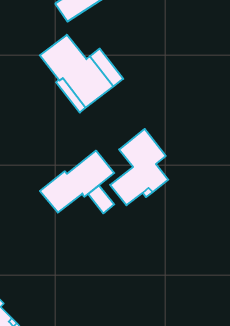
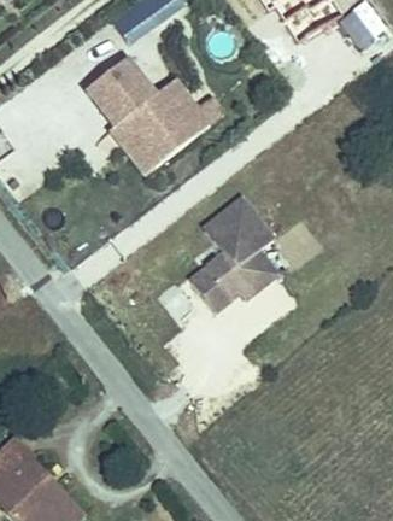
building: [40,151,114,213] -> none

